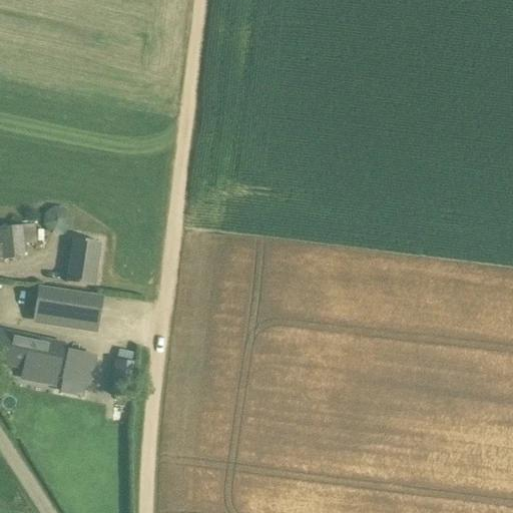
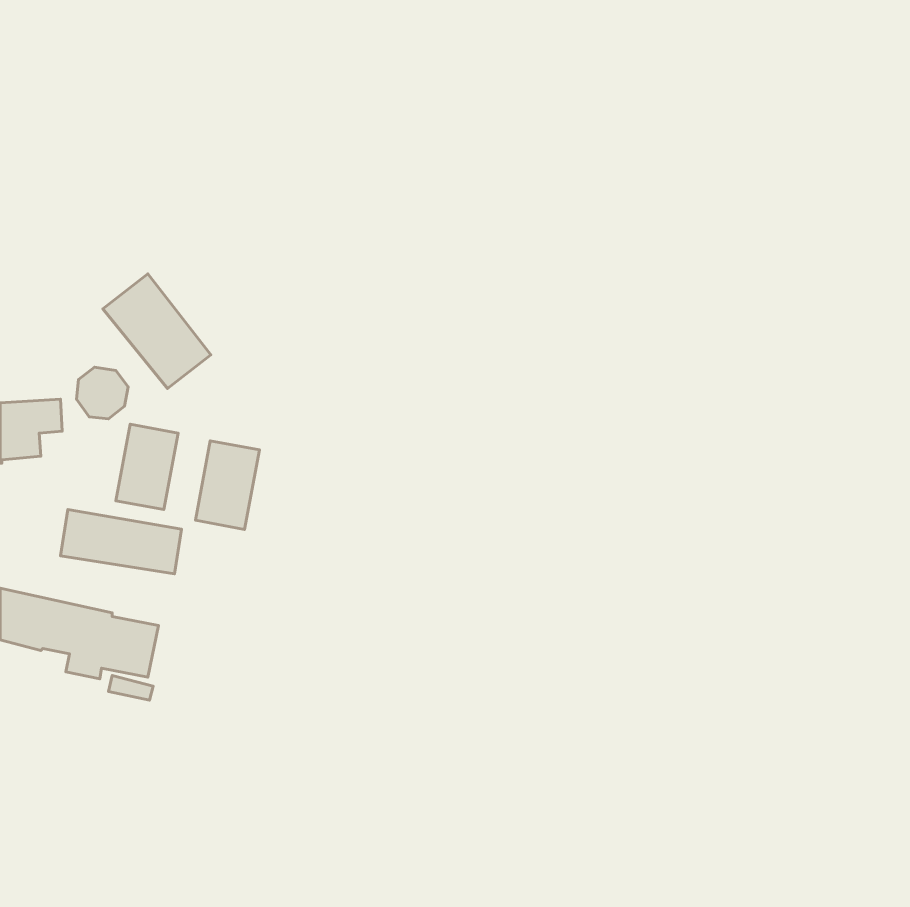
building: none -> [103,274,211,389]
building: none -> [195,441,259,529]

